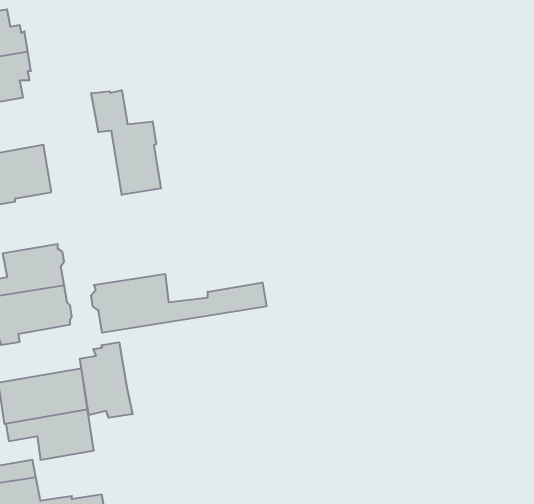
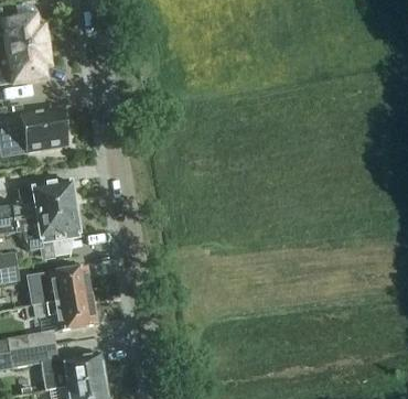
building: [91,90,161,195] -> none
building: [91,274,266,333] -> none
building: [80,342,133,418] -> none

